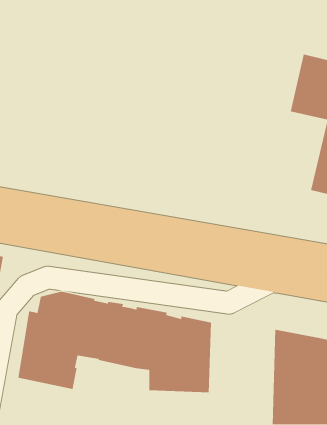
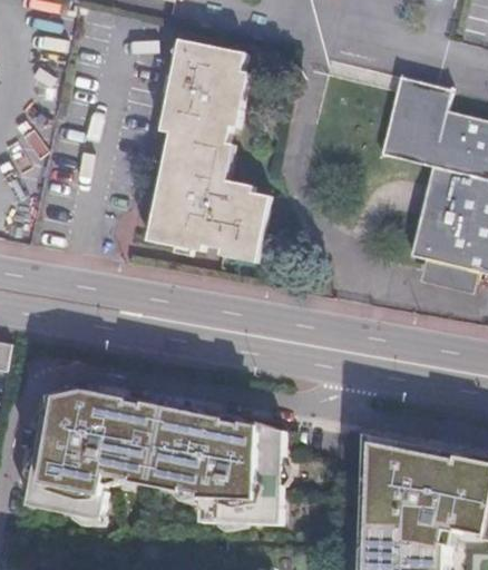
building: none -> [140,31,270,262]

